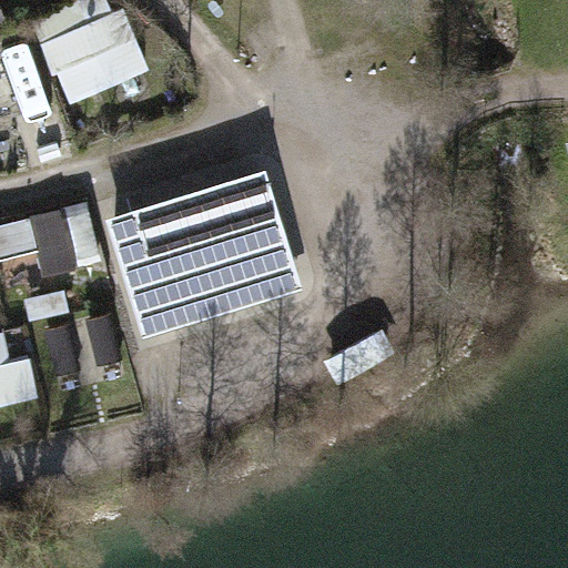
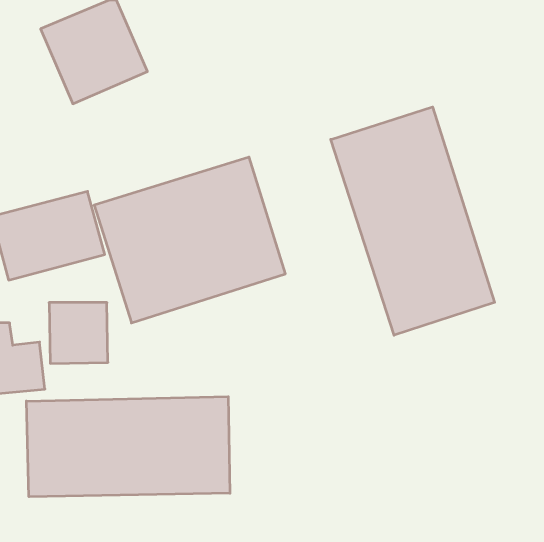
building: none -> [331,107,495,335]
building: none -> [26,397,230,497]

